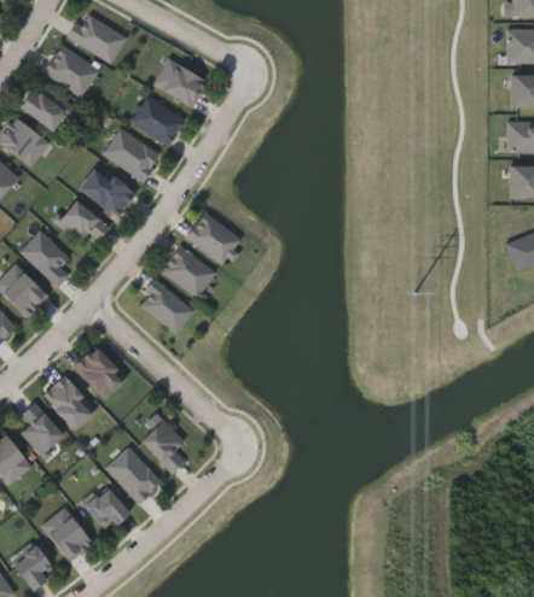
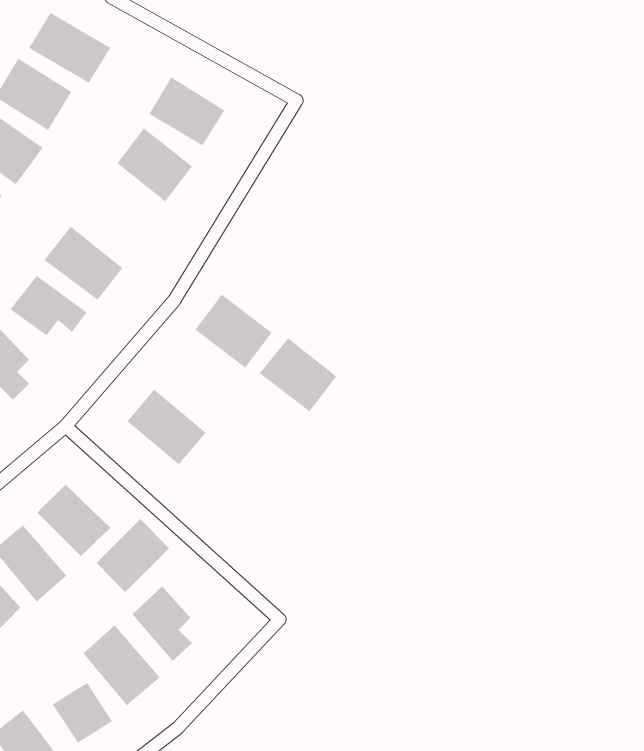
building: [103,128,161,178] -> none
building: [161,245,216,298] -> [259,338,337,412]
building: none -> [96,518,170,593]

